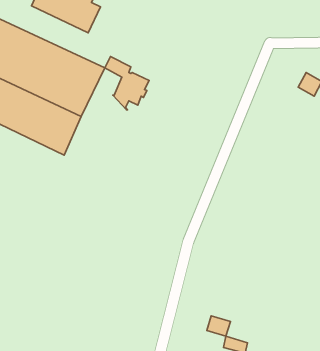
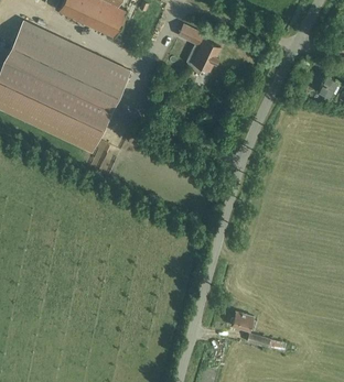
building: [105,57,149,110] -> [178,23,221,75]

